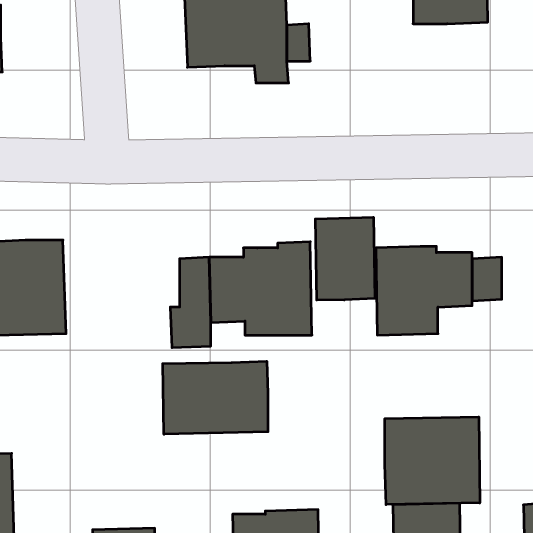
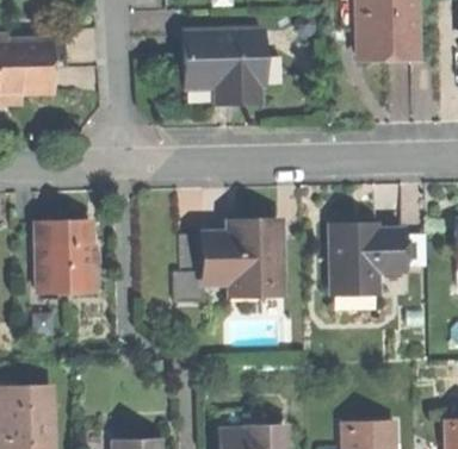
building: [315,217,375,300] -> none
building: [163,361,268,434] -> none
building: [385,417,480,505] -> none

